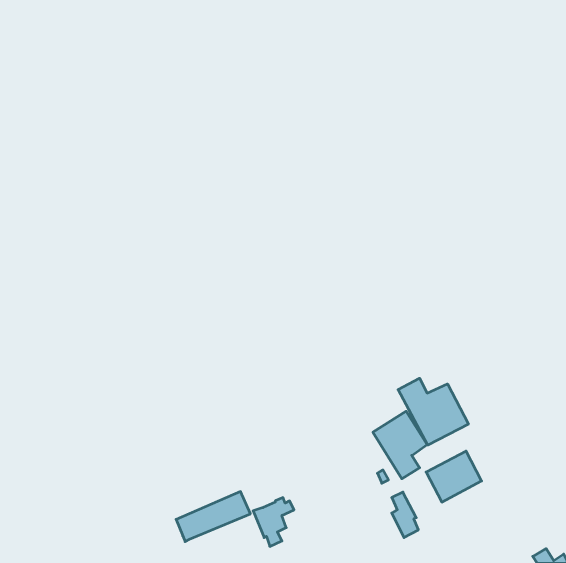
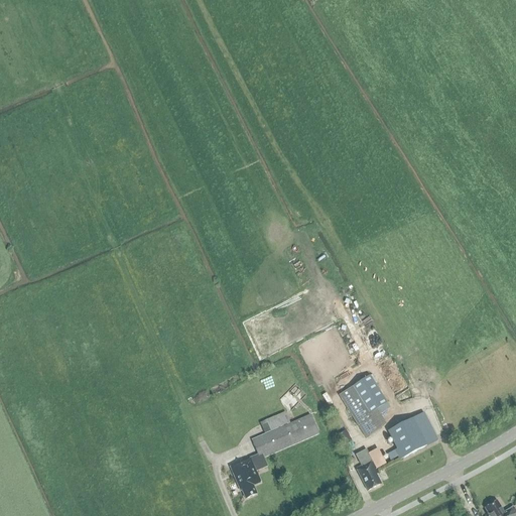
building: [398,378,468,445] -> none
building: [176,492,250,542] -> [252,412,319,458]

